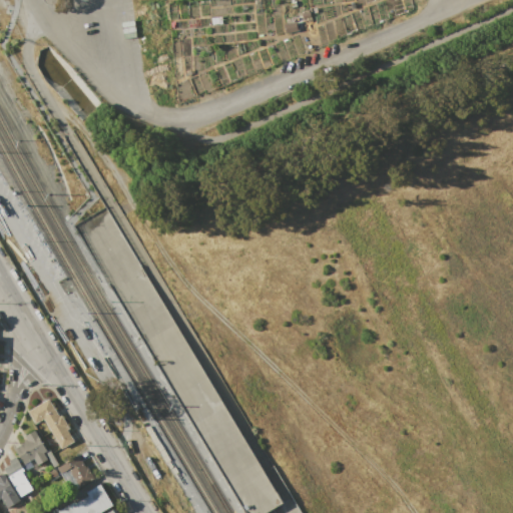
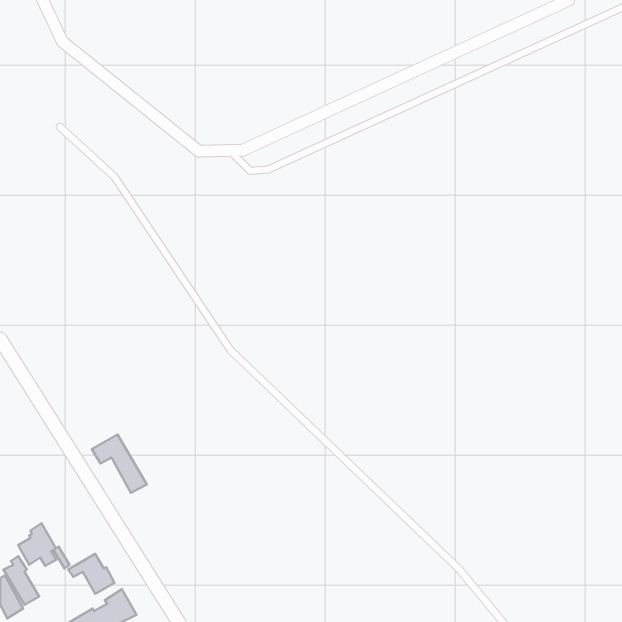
building: [28,400,73,448] -> [92,434,147,493]

